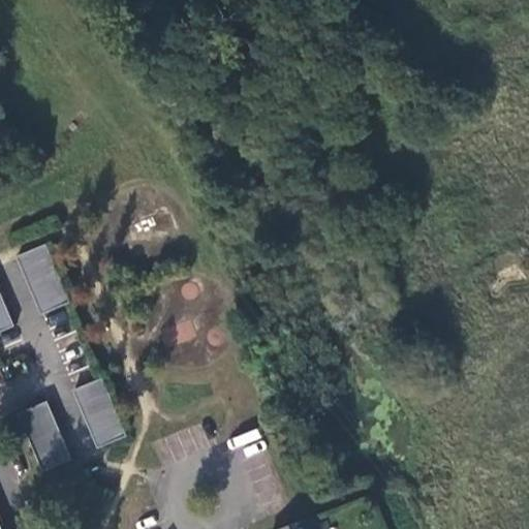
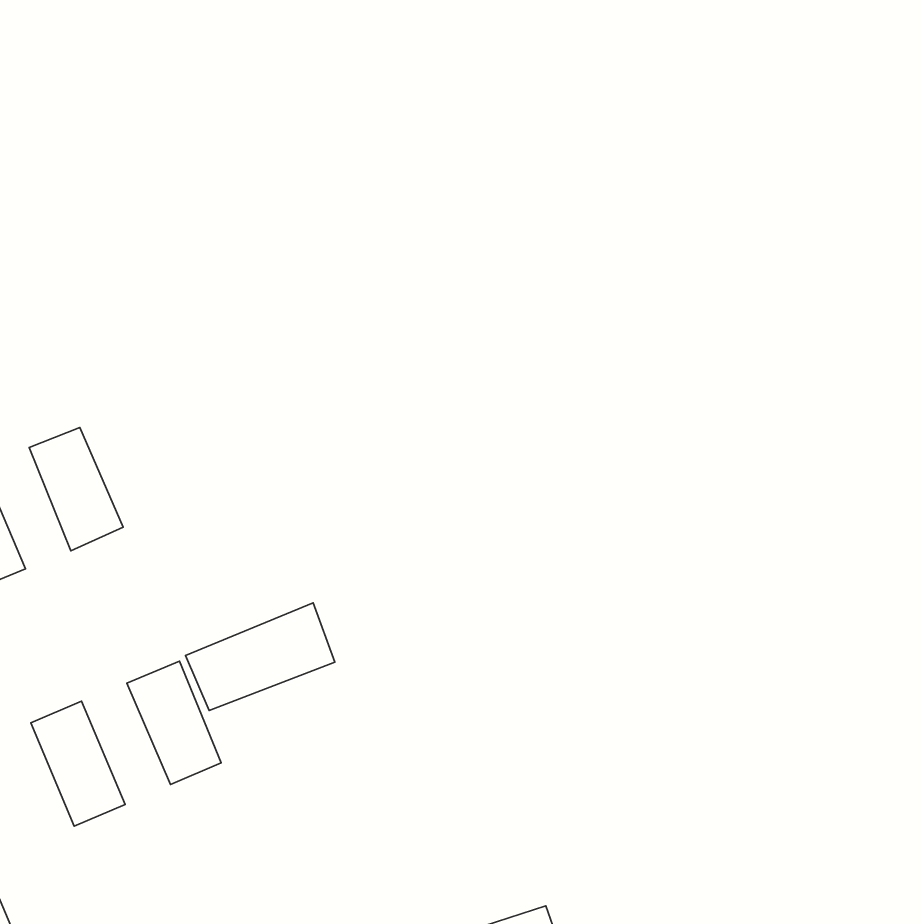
building: none -> [186,603,335,711]

